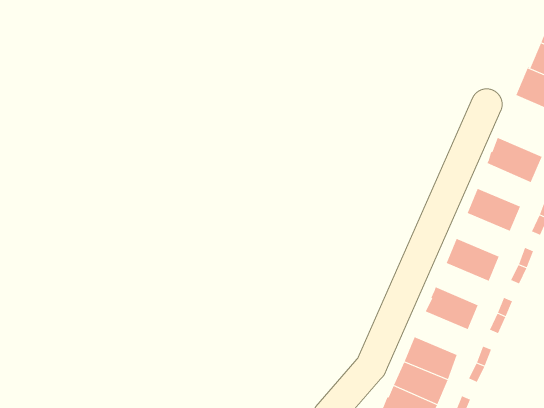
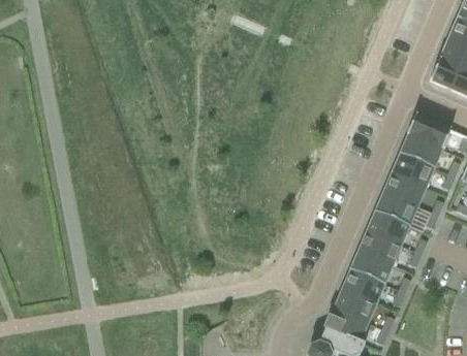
building: none -> [399,134,441,168]
building: none -> [382,173,425,207]
building: none -> [366,213,408,246]
building: none -> [349,251,392,285]

